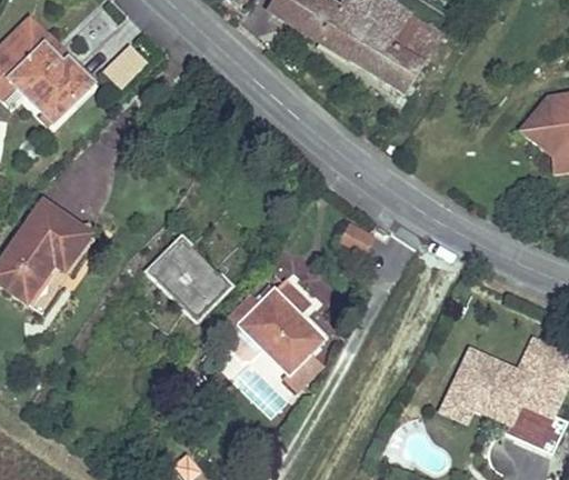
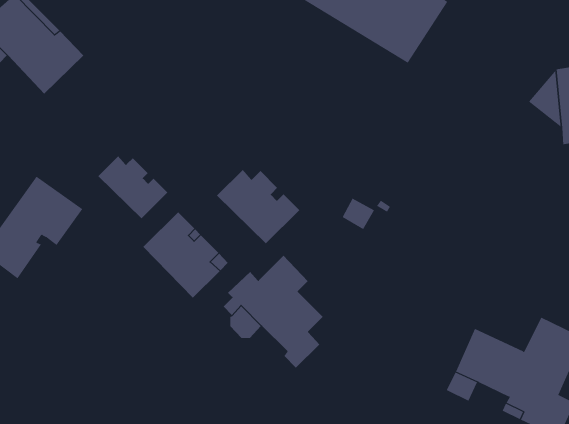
building: [102,43,148,88] -> none
building: none -> [97,156,168,219]
building: none -> [216,169,300,244]

